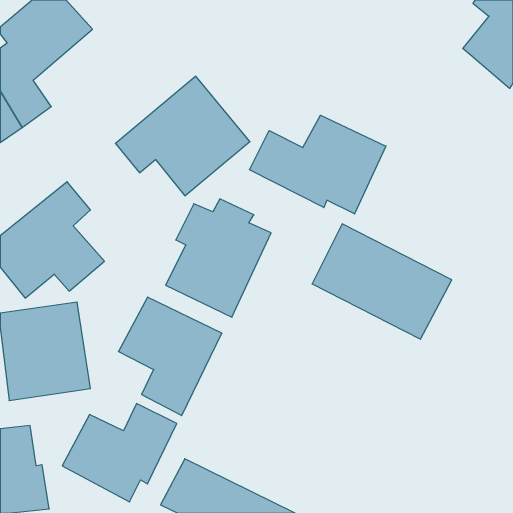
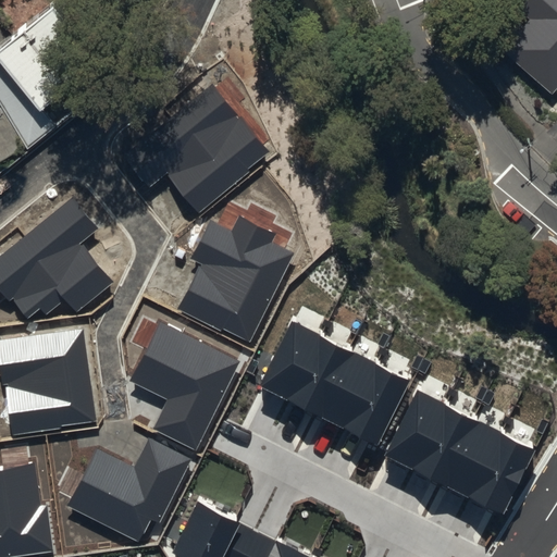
building: [249,115,386,214] -> none
building: [312,224,452,339] -> [259,321,410,446]
building: none -> [386,391,536,516]

